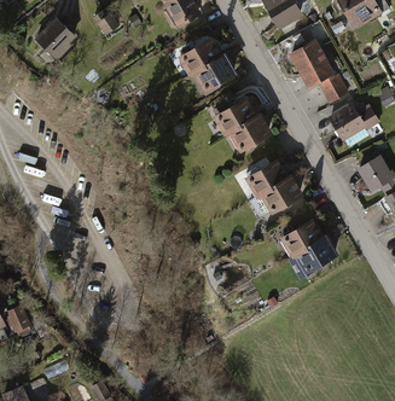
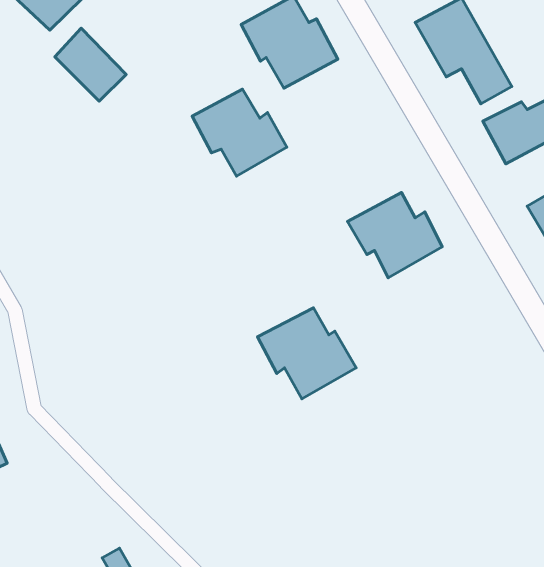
building: none -> [55,28,126,101]
building: [213,94,272,149] -> [192,89,287,176]
building: [279,217,341,274] -> [257,308,356,399]

